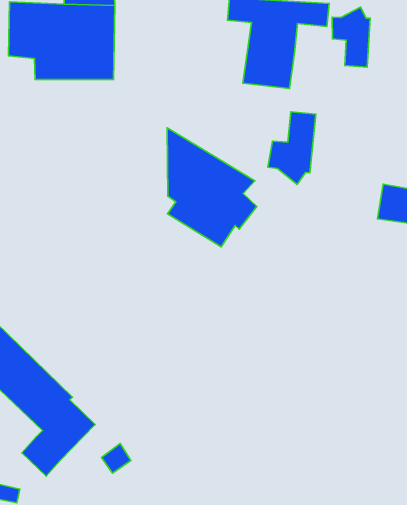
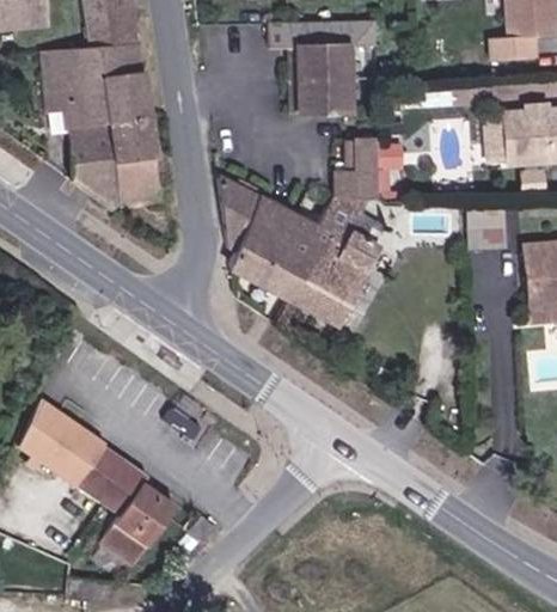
building: [332,7,370,67] -> none
building: none -> [69,130,165,215]
building: none -> [296,202,384,319]

